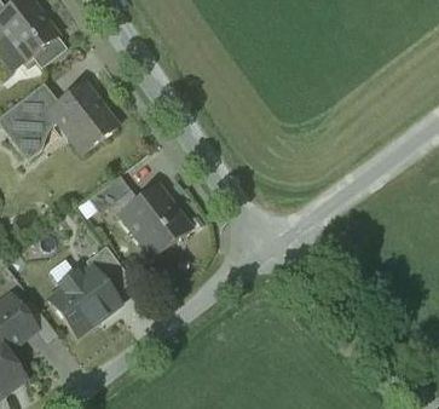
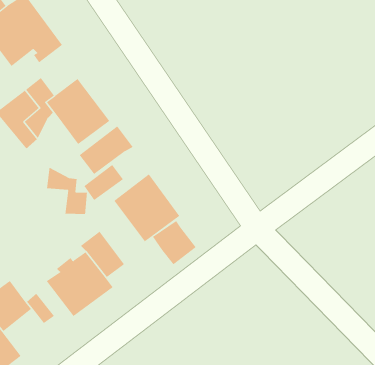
building: none -> [79,126,133,175]
building: none -> [46,167,88,215]
building: none -> [152,220,196,265]

